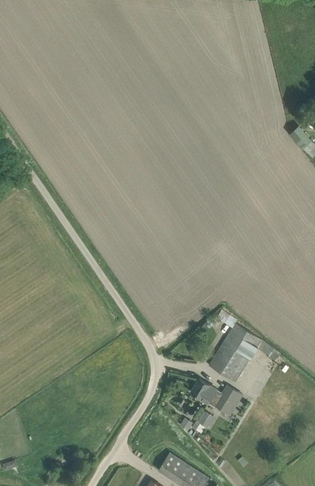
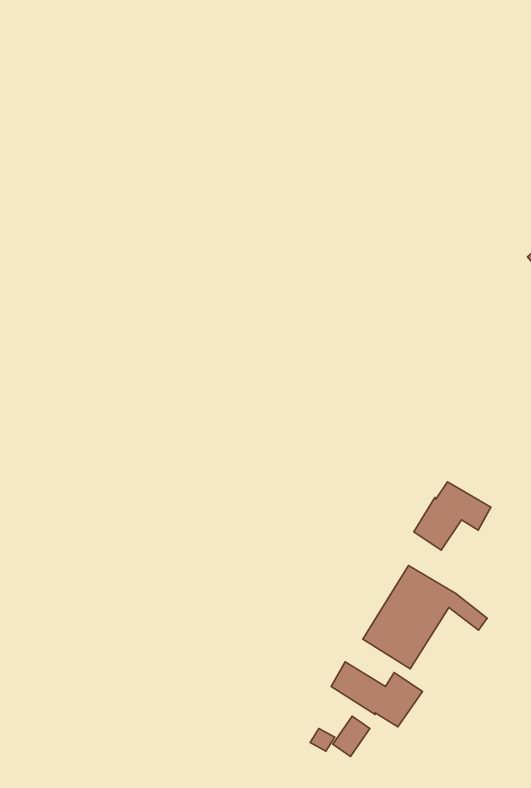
building: none -> [414,482,491,550]

